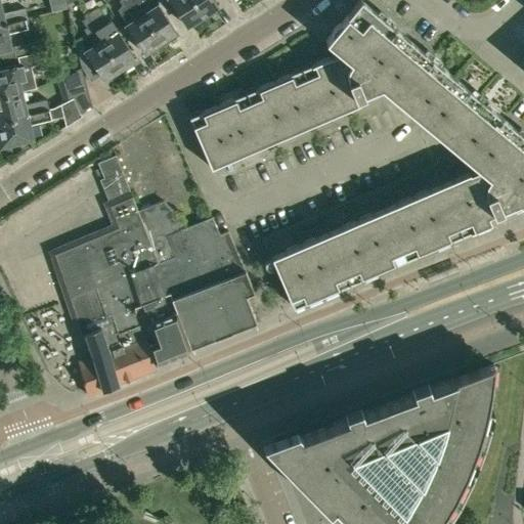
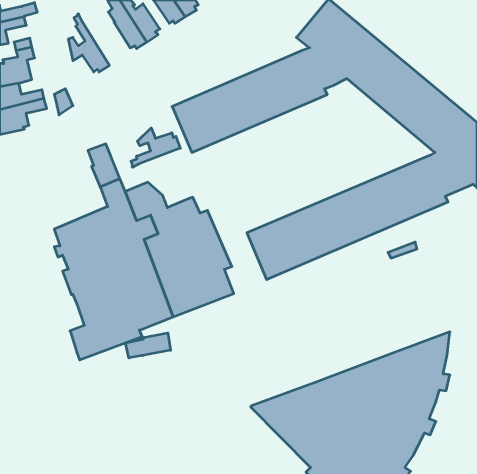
building: [86,12,134,76] -> none
building: [59,72,86,104] -> none
building: none -> [131,128,180,167]
building: none -> [126,333,171,358]

